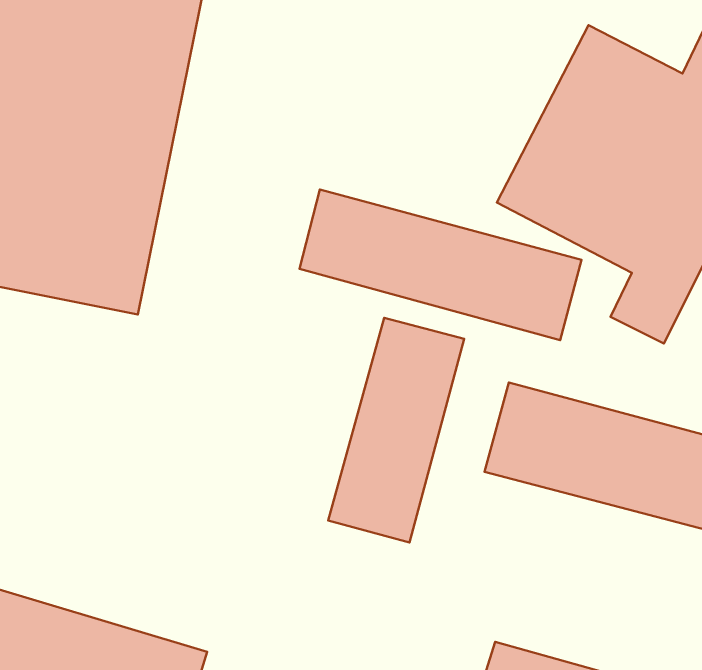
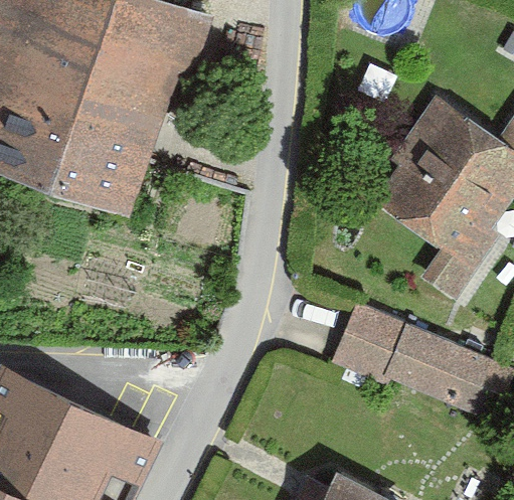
building: [299,190,582,340] -> none
building: [328,318,464,542] -> none

